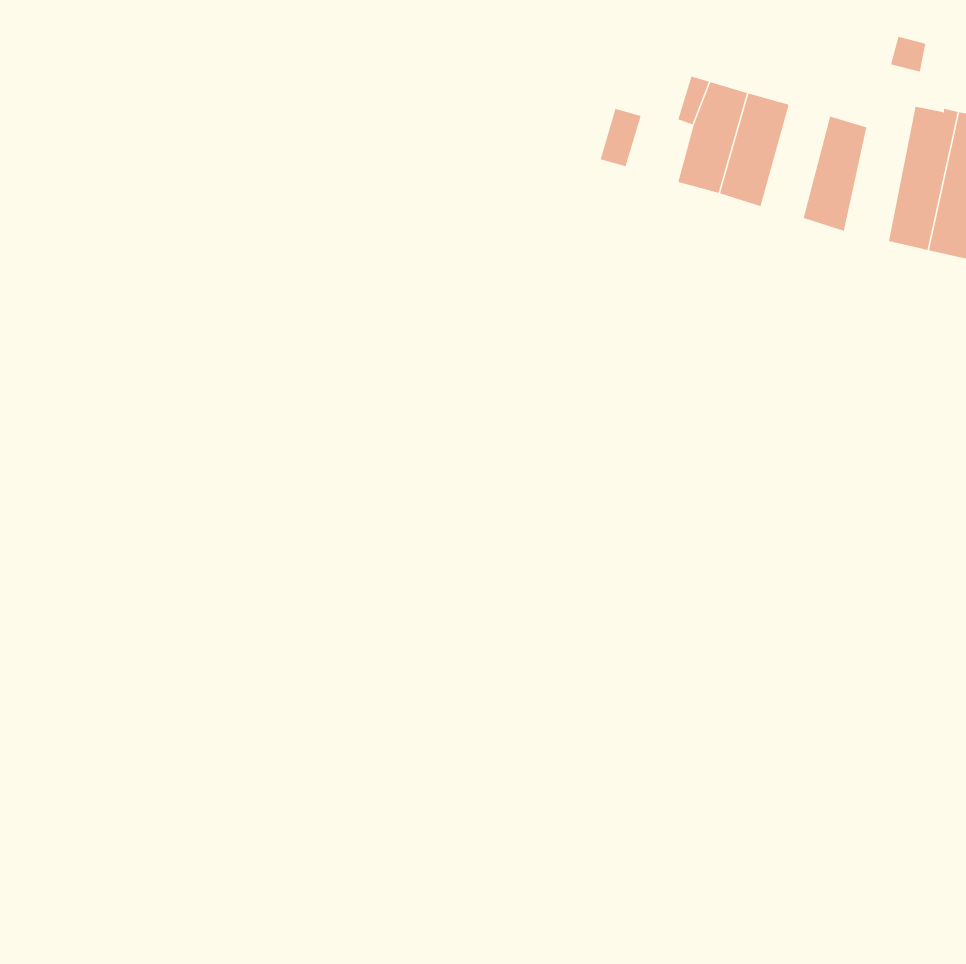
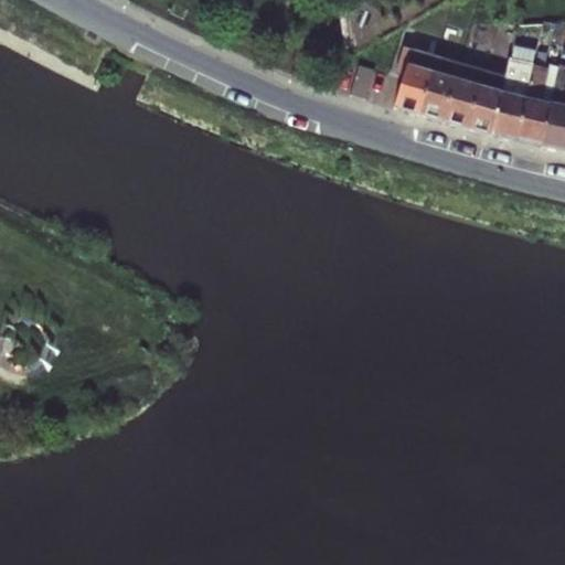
building: none -> [493,57,534,140]
building: none -> [445,61,484,127]

